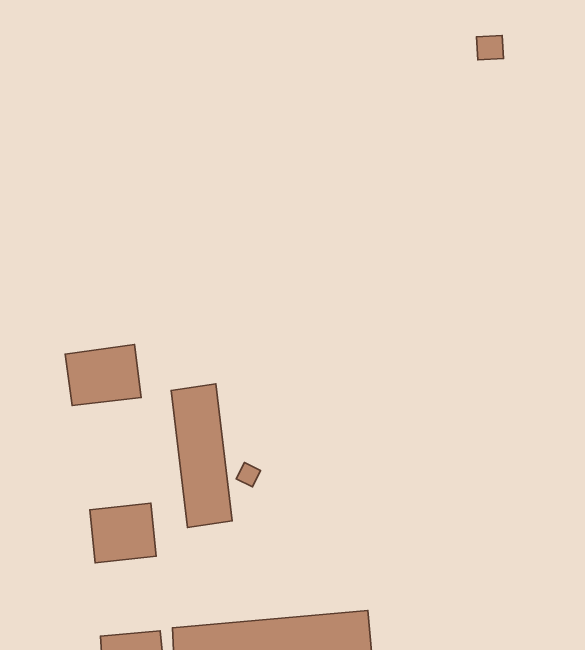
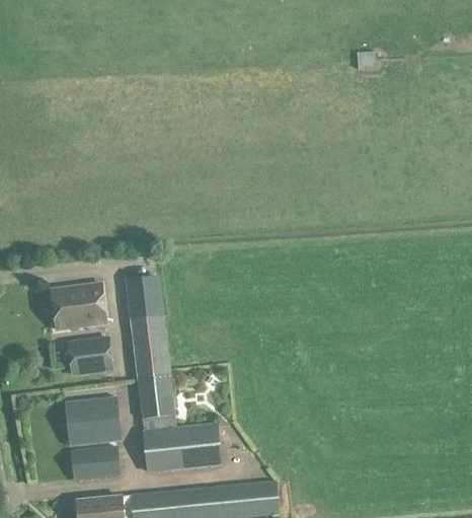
building: none -> [119,273,154,309]
building: none -> [69,336,112,375]
building: none -> [143,422,223,472]
building: none -> [72,447,120,479]

